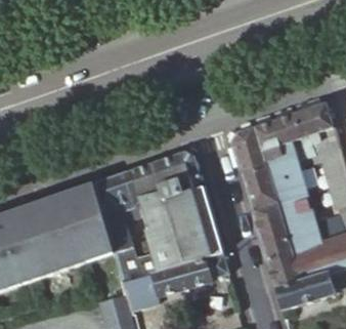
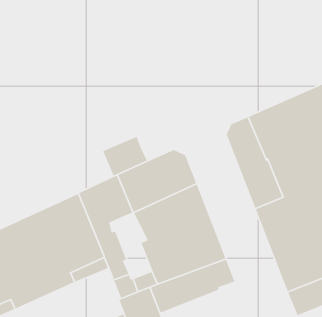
building: none -> [102,135,148,176]

